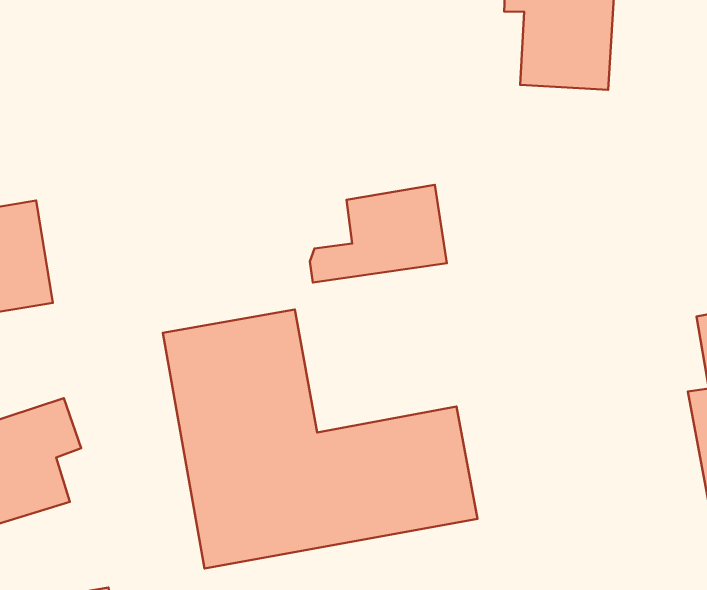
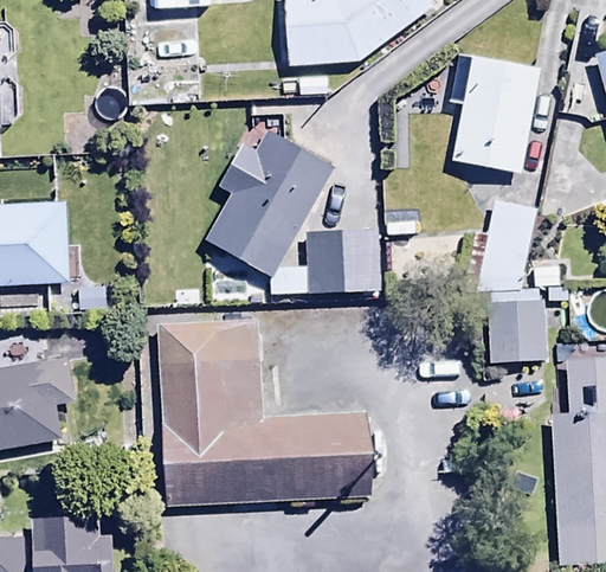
building: none -> [207,129,335,277]
building: none -> [475,200,542,364]

